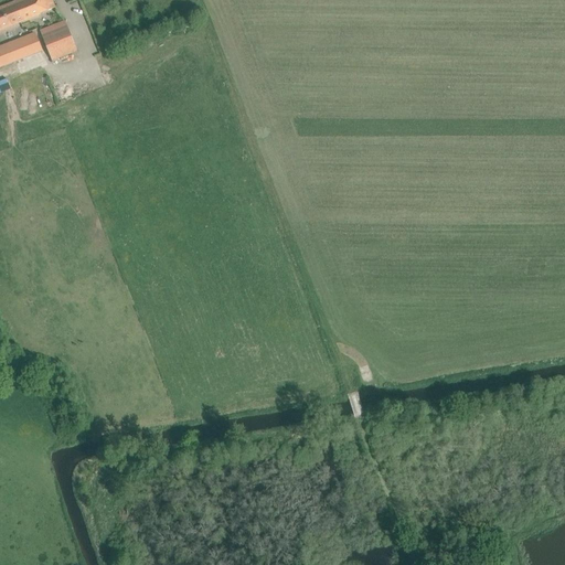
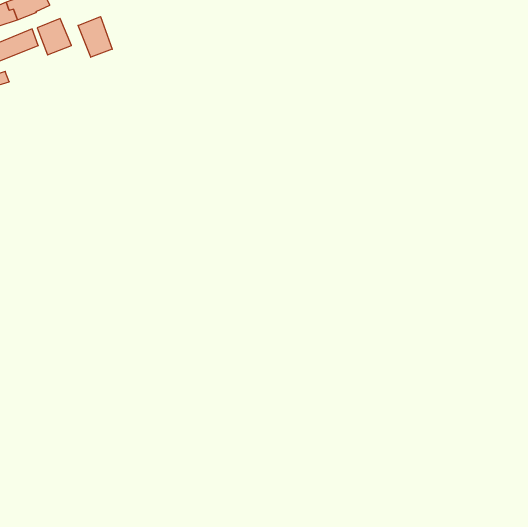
building: none -> [78,17,112,57]

